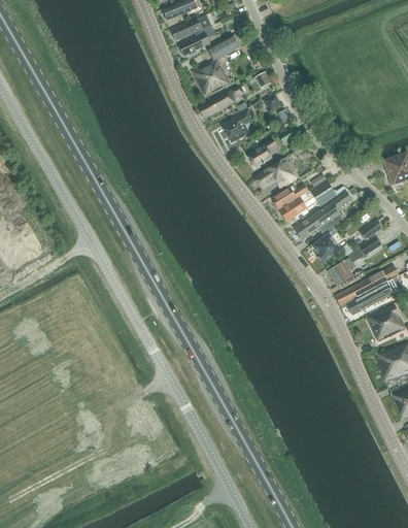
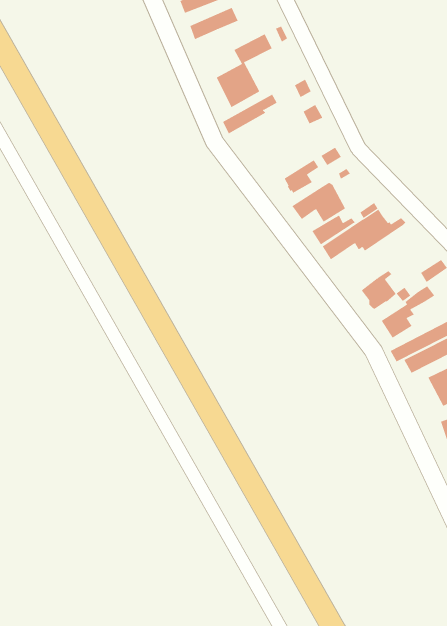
building: [178,26,215,56] -> none
building: [223,110,251,142] -> none
building: [294,193,350,240] -> none

